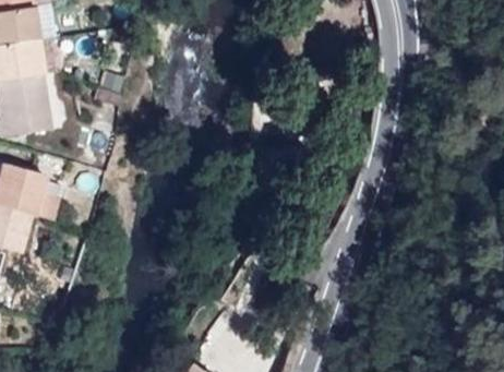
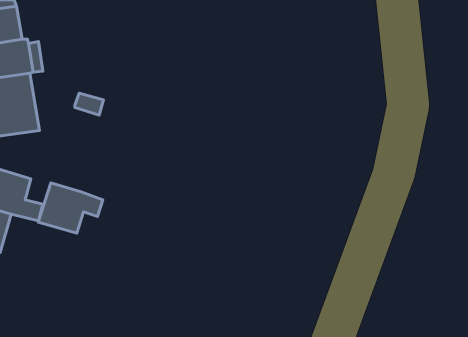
building: none -> [38,183,103,233]

